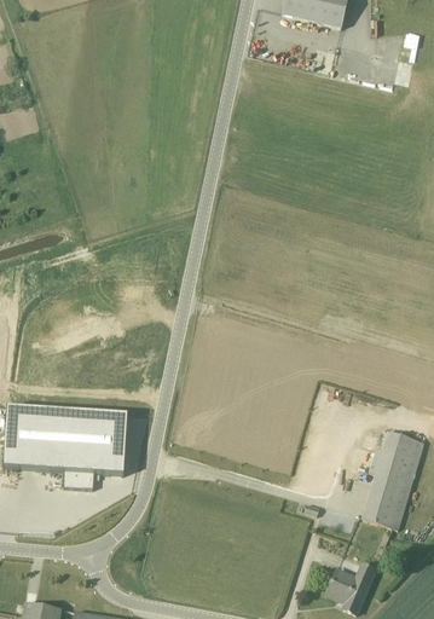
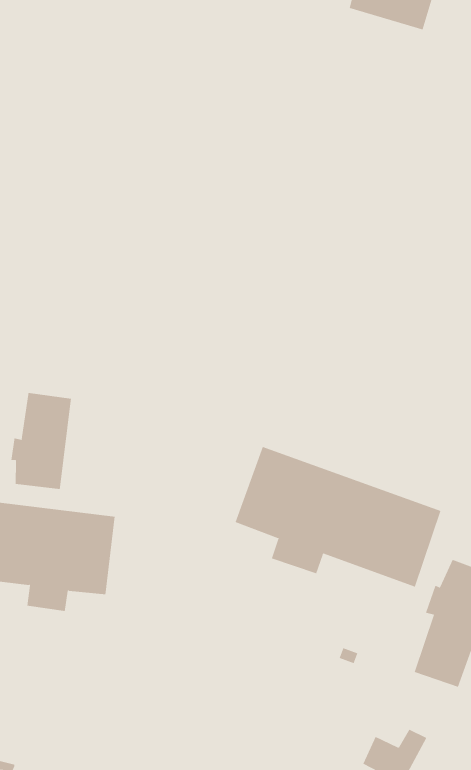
building: none -> [11,392,71,490]
building: none -> [235,446,441,587]

